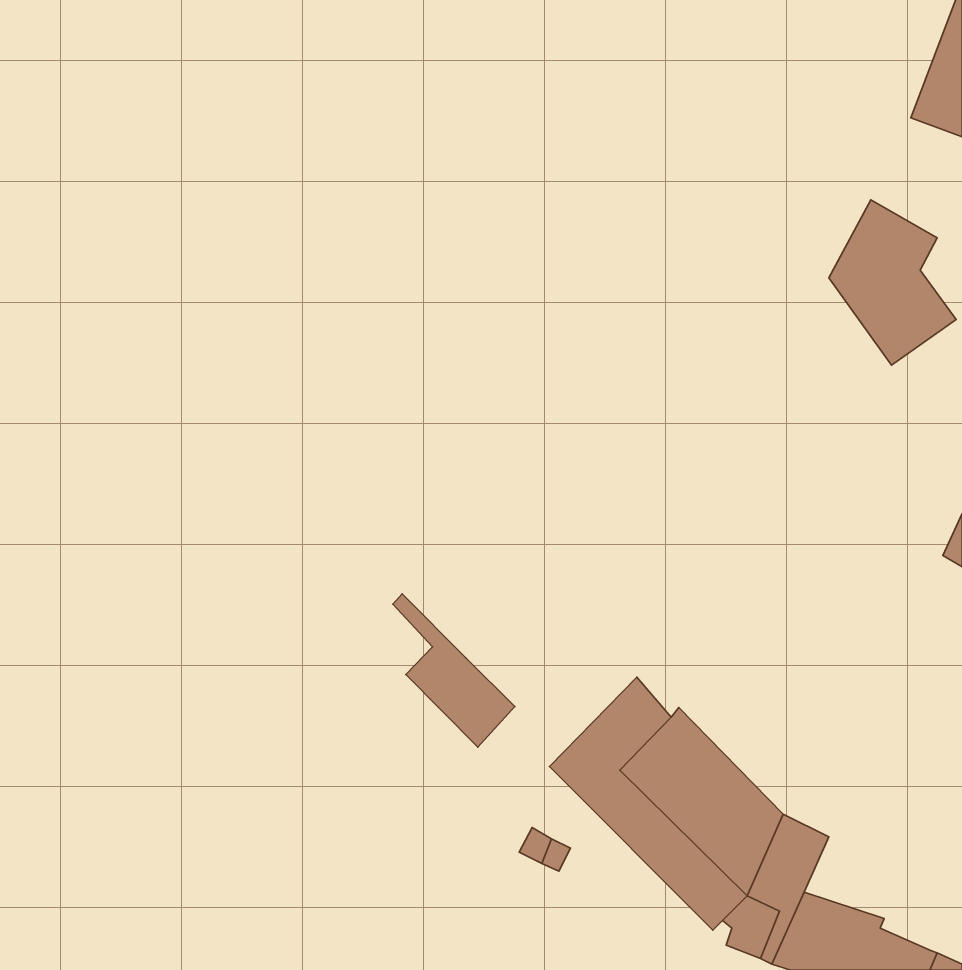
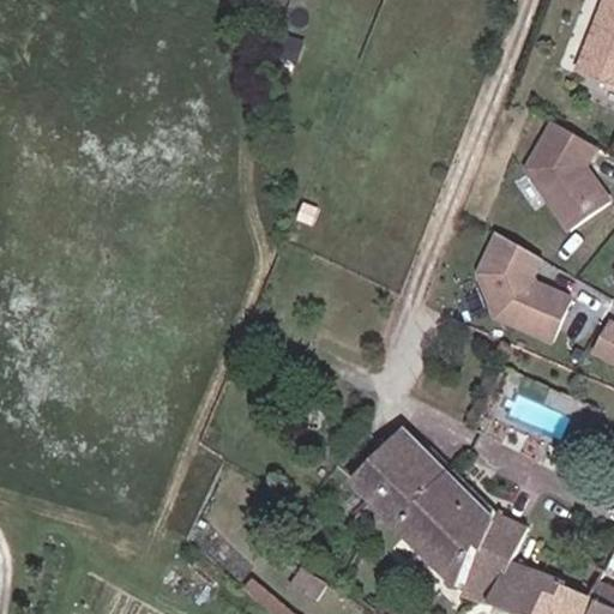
building: none -> [474,228,584,344]
building: [393,594,515,747] -> none

